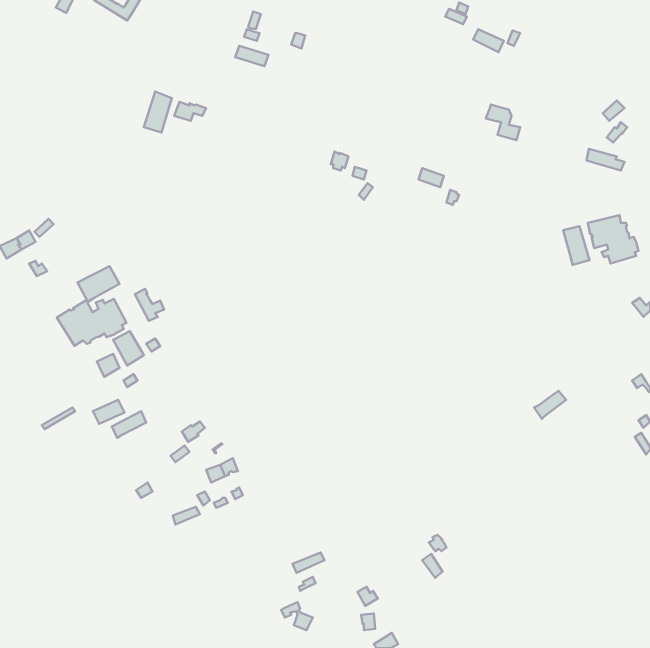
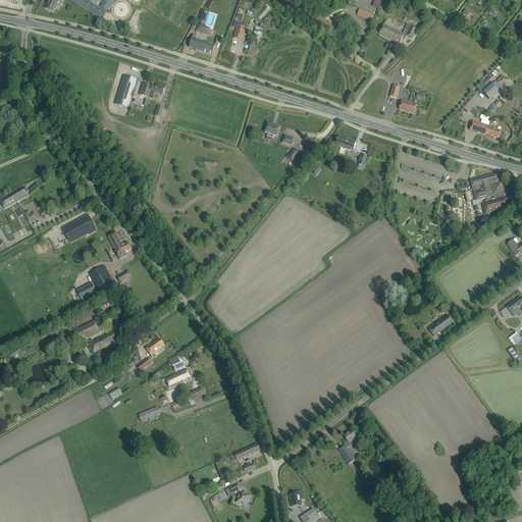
building: [563,226,590,265] -> none
building: [57,299,127,346] -> none

